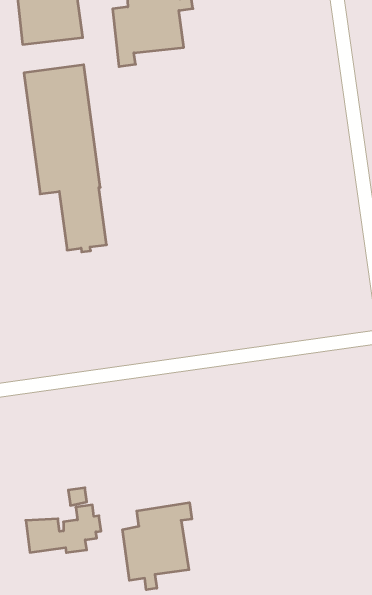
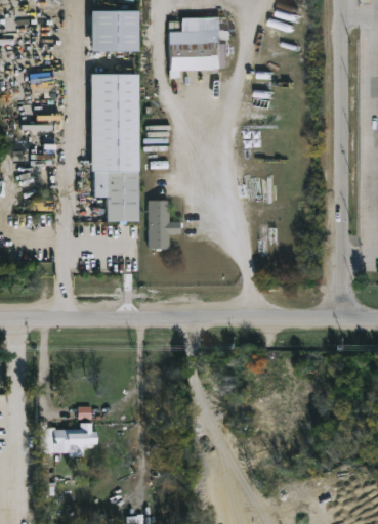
building: none -> [153,200,185,248]
building: [123,503,192,590] -> none

